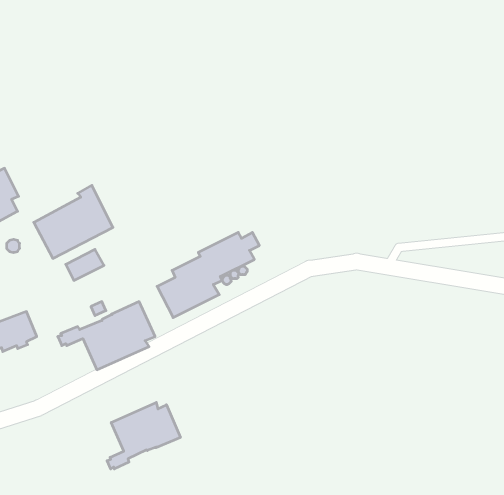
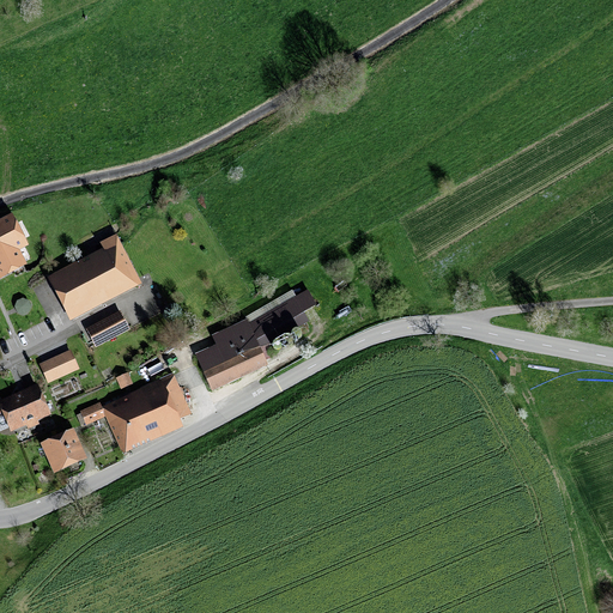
building: none -> [38,348,79,382]
building: none -> [40,426,87,473]
building: [107,402,180,469] -> none

